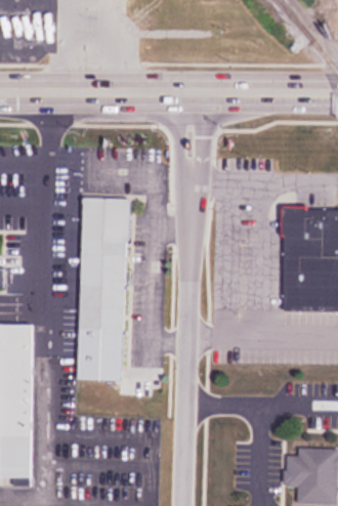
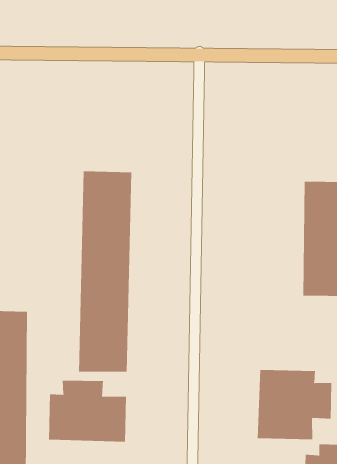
building: none -> [257,369,332,440]
building: none -> [49,380,127,442]

